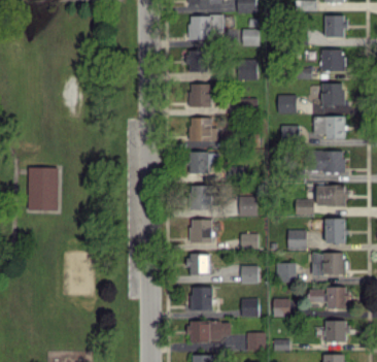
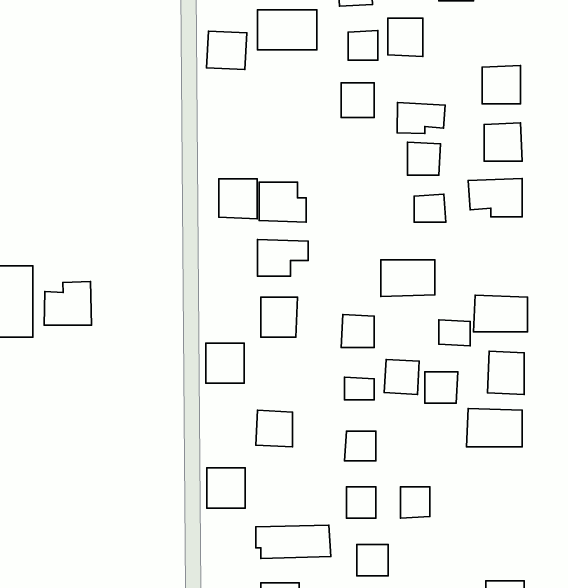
building: [325,15,346,38] -> [388,18,423,56]
building: [186,51,210,73] -> [207,31,247,69]
building: none -> [397,103,445,133]
building: [190,85,212,108] -> [219,179,257,219]
building: [312,152,344,173] -> [381,260,435,296]
building: none -> [44,281,92,325]
building: [190,220,212,243] -> [206,343,244,383]
building: [276,263,297,284] -> [384,360,419,394]
building: [191,288,213,311] -> [207,468,245,508]
building: [309,288,347,309] -> none
building: [325,322,348,342] -> none

